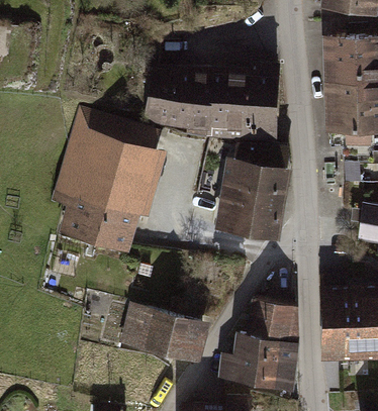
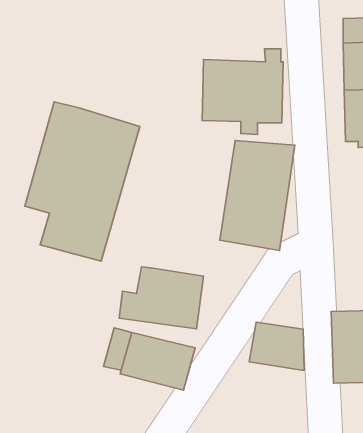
building: [147,73,209,127] -> none
building: [221,334,294,388] -> [119,267,204,329]

